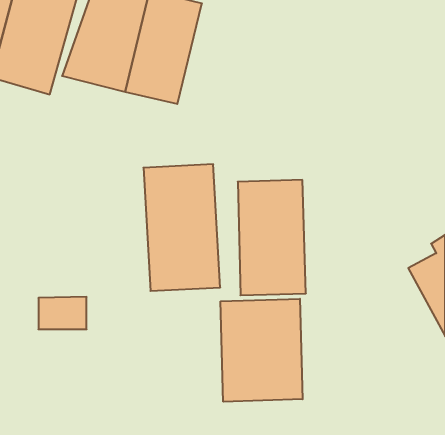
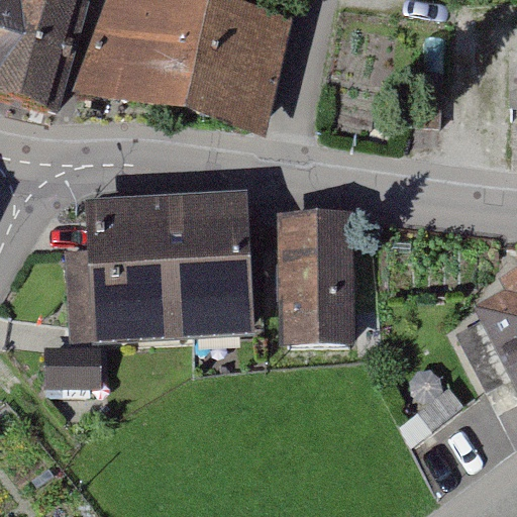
building: none -> [205,4,294,135]
building: none -> [86,194,174,341]
building: [221,299,303,402] -> none

